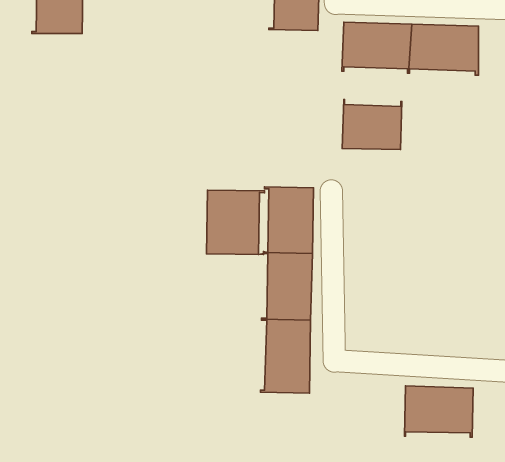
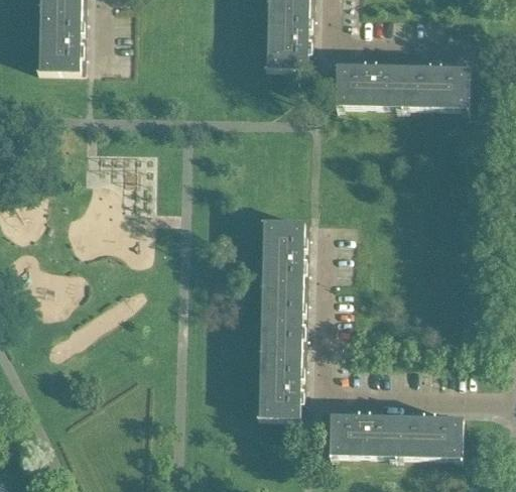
building: [342,99,402,150] -> none
building: [207,190,265,255] -> none
building: none -> [327,411,394,462]

